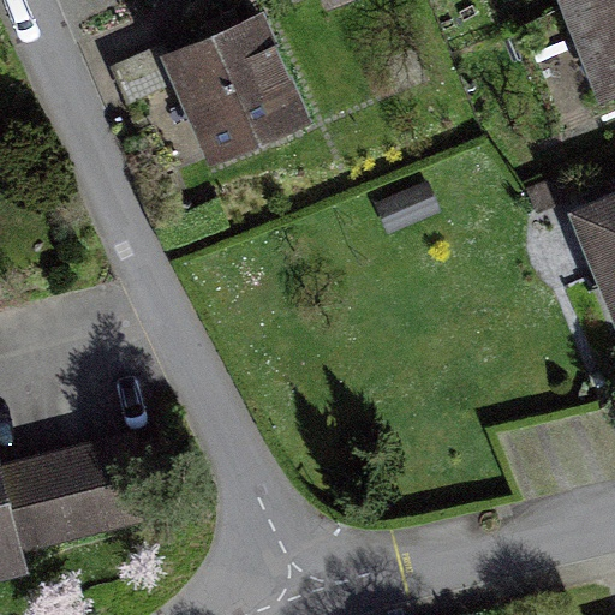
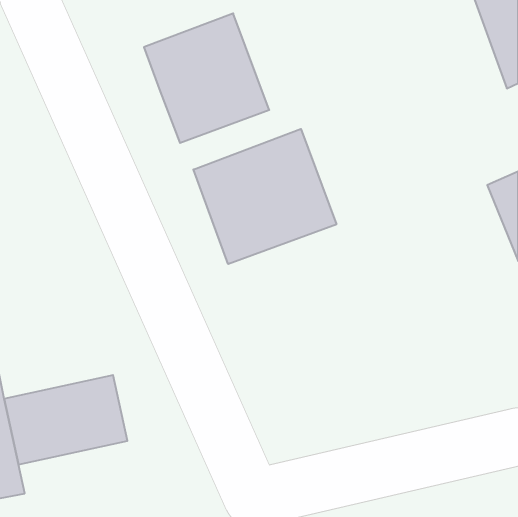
building: none -> [193,129,336,264]

